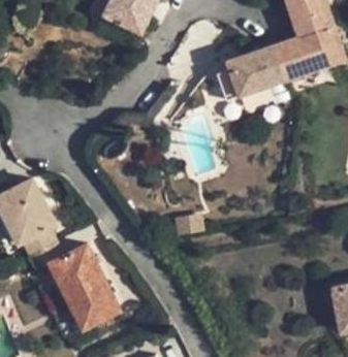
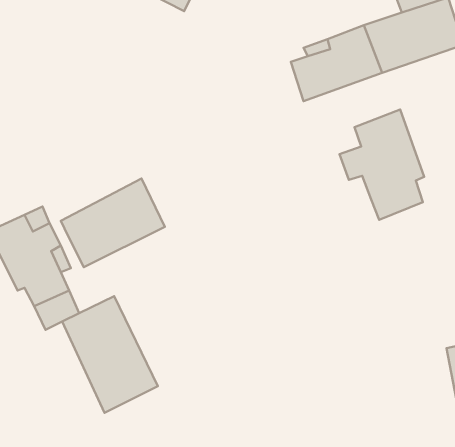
building: none -> [340,109,424,220]
building: none -> [61,179,165,267]

